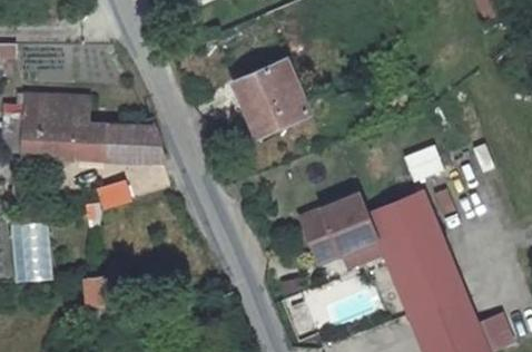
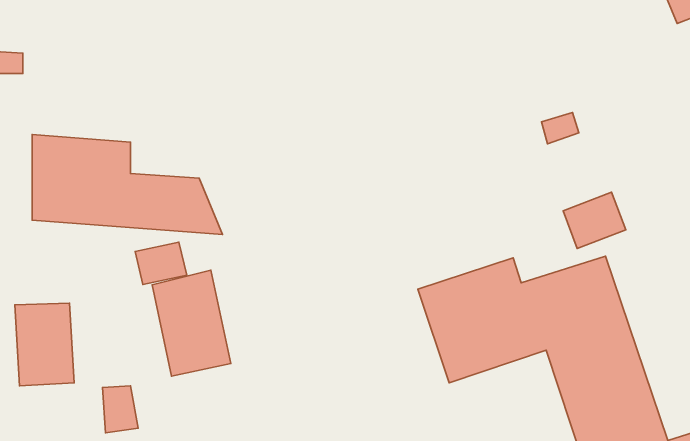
building: [221,56,294,126] -> none
building: none -> [152,270,231,376]

